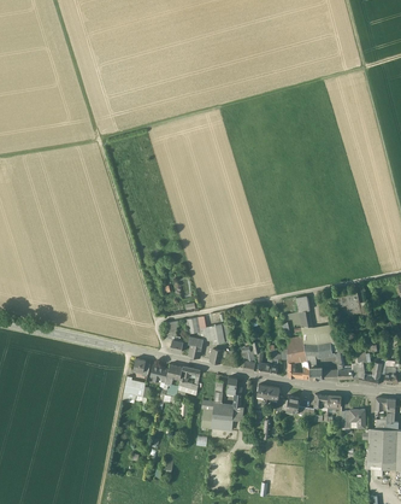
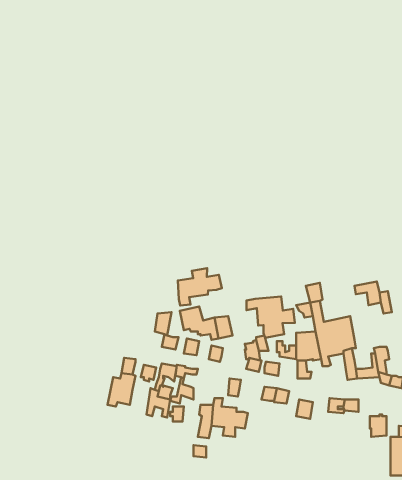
building: none -> [178,268,222,305]
building: none -> [246,297,295,338]

